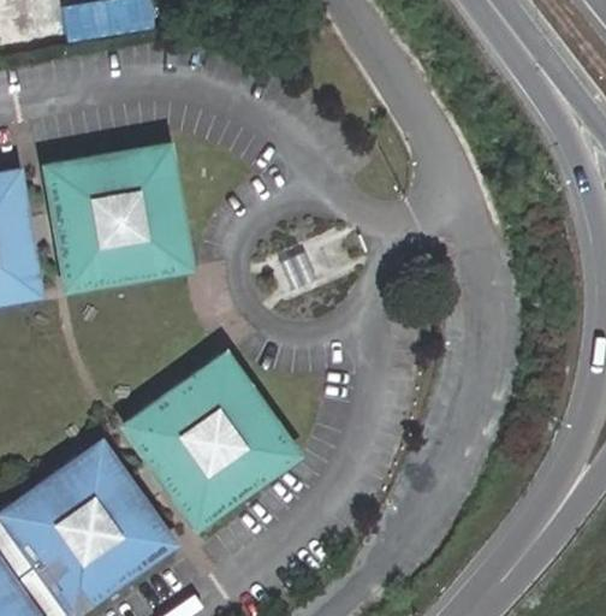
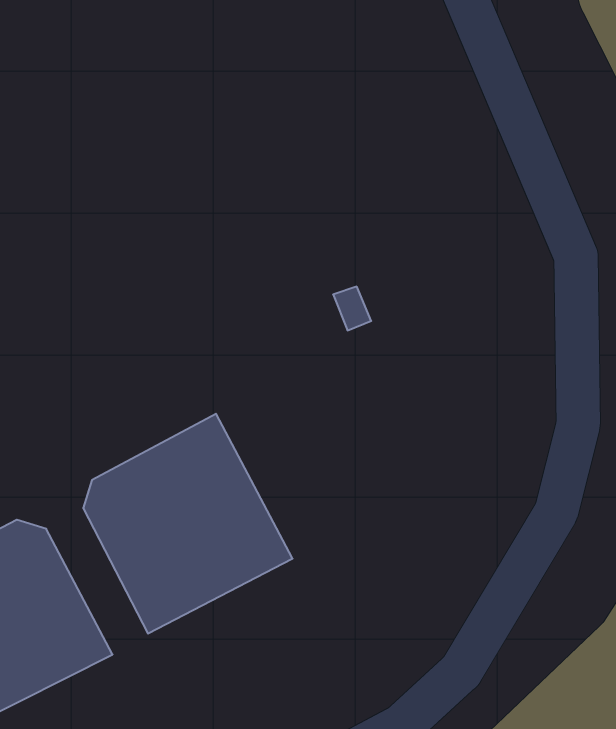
building: [47,140,188,278] -> none

